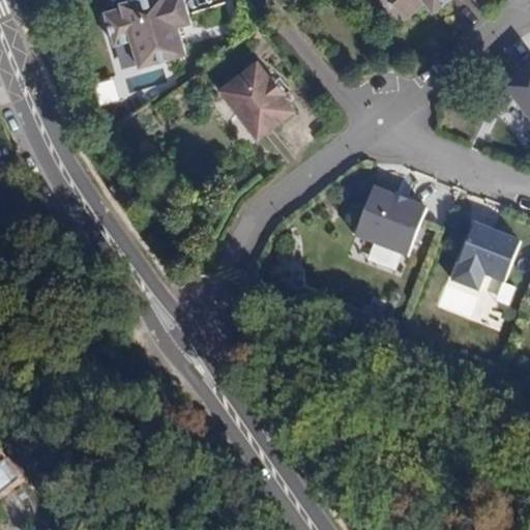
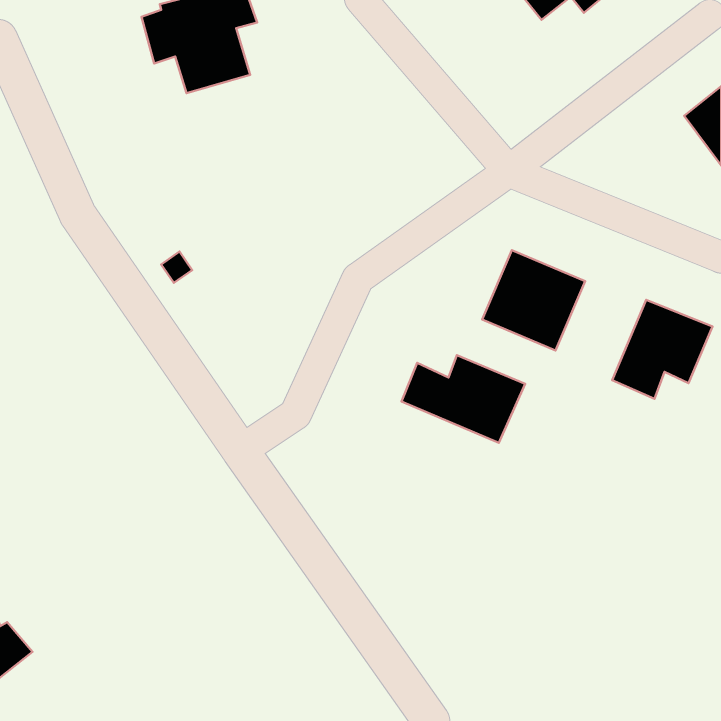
building: [214,58,297,141] -> none
building: none -> [402,355,525,443]

